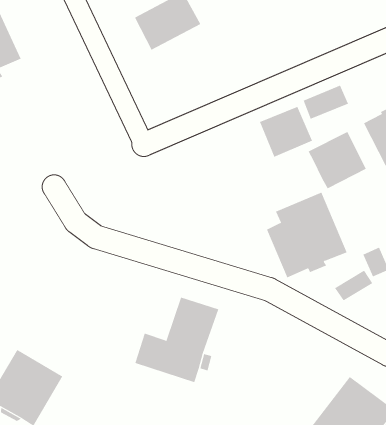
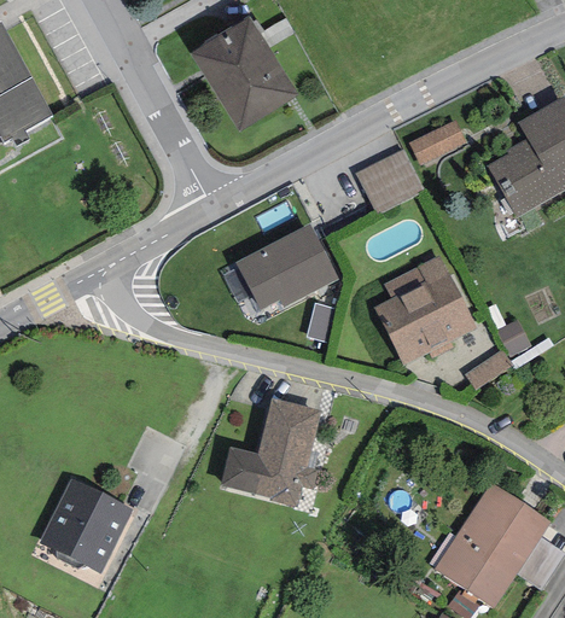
building: none -> [214,56,299,132]
building: [308,131,367,189] -> none
building: none -> [235,223,338,310]

